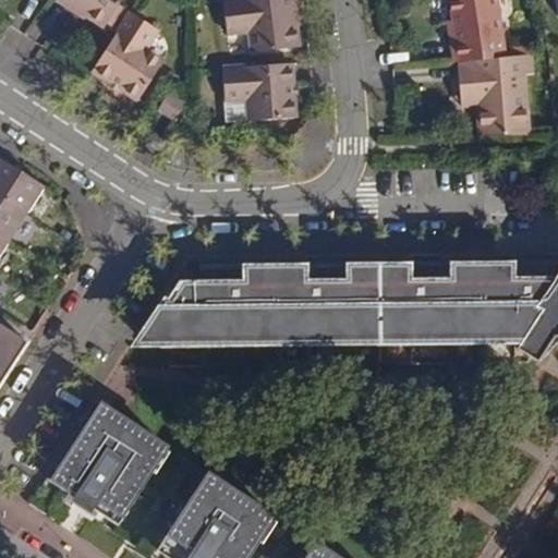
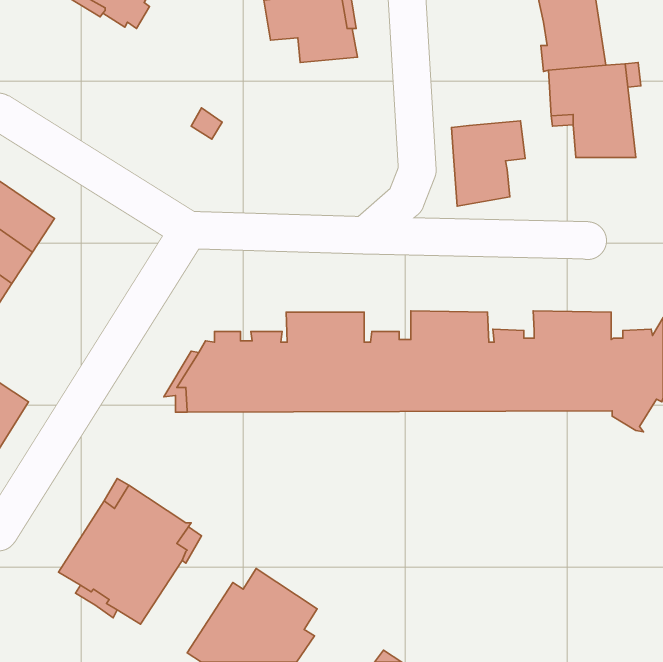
building: [94,9,166,97] -> none
building: [223,62,296,122] -> none
building: none -> [452,121,525,206]

